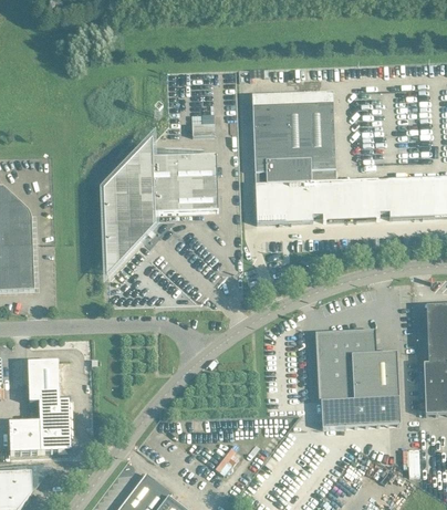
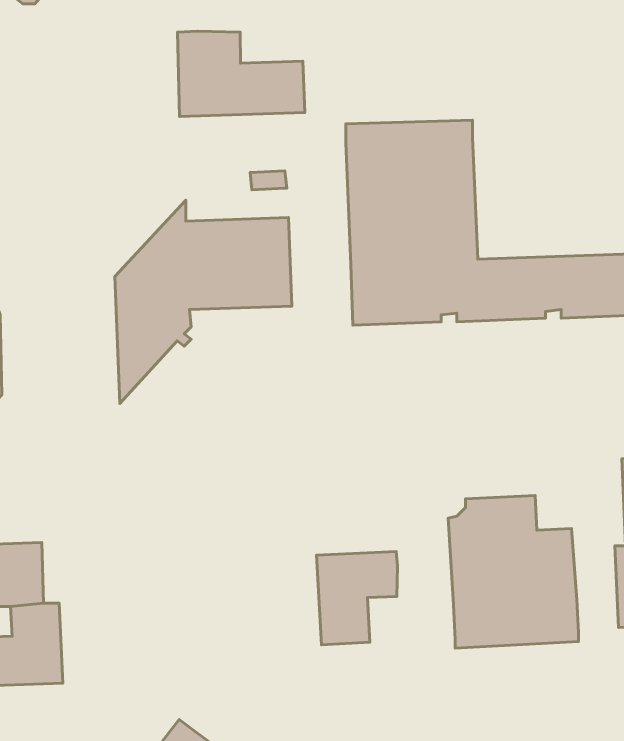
building: none -> [178,31,305,117]
building: none -> [317,551,398,645]

